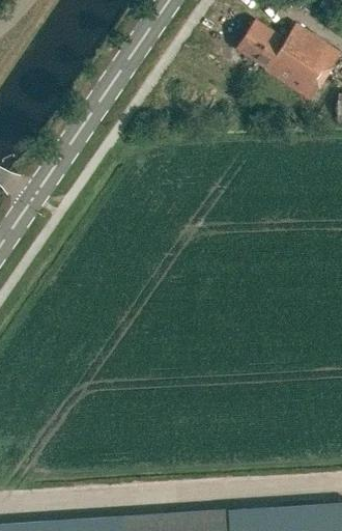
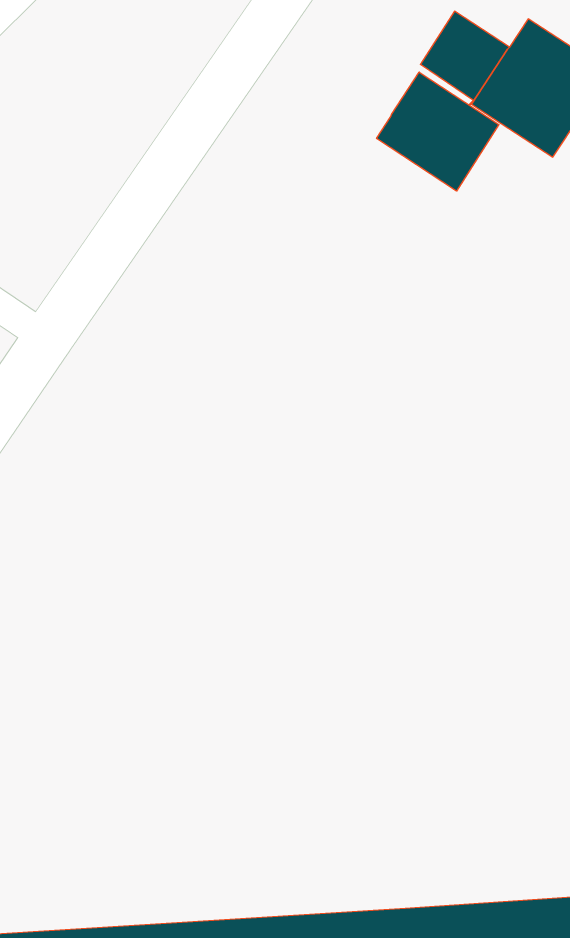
building: none -> [377,72,499,191]

